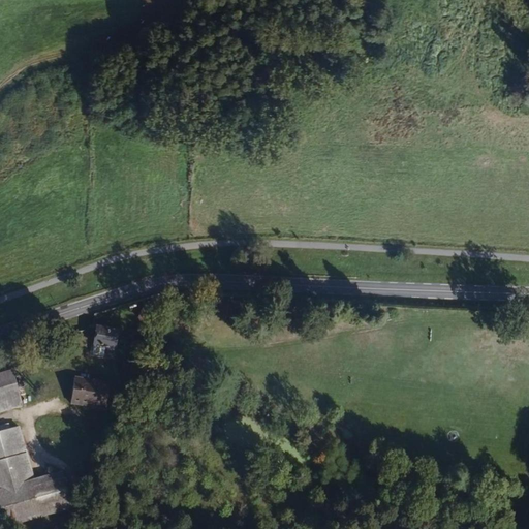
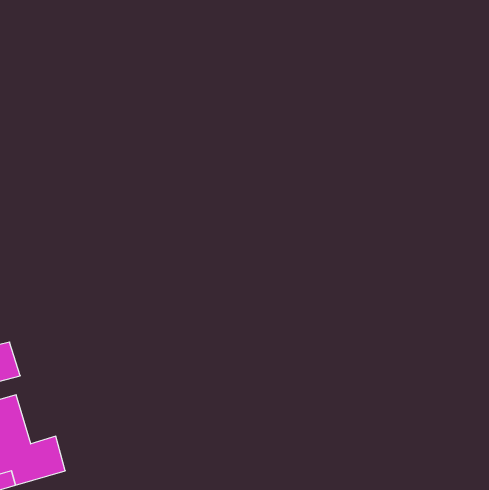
building: [91,324,119,350] -> none
building: [68,374,107,409] -> none

